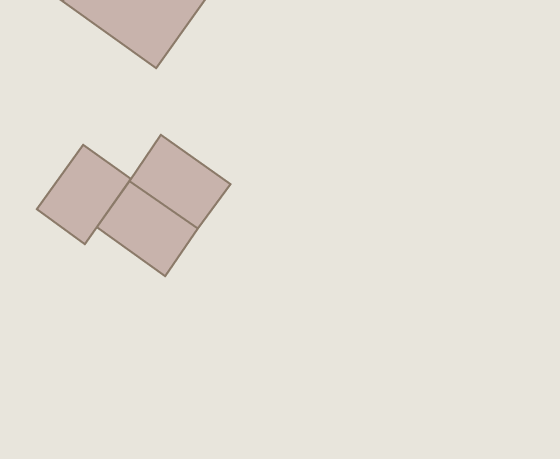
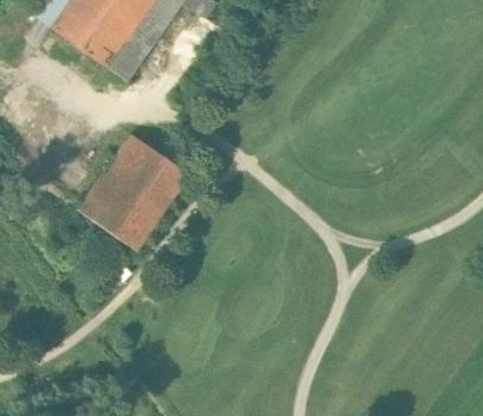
building: [37,145,131,244] -> none

